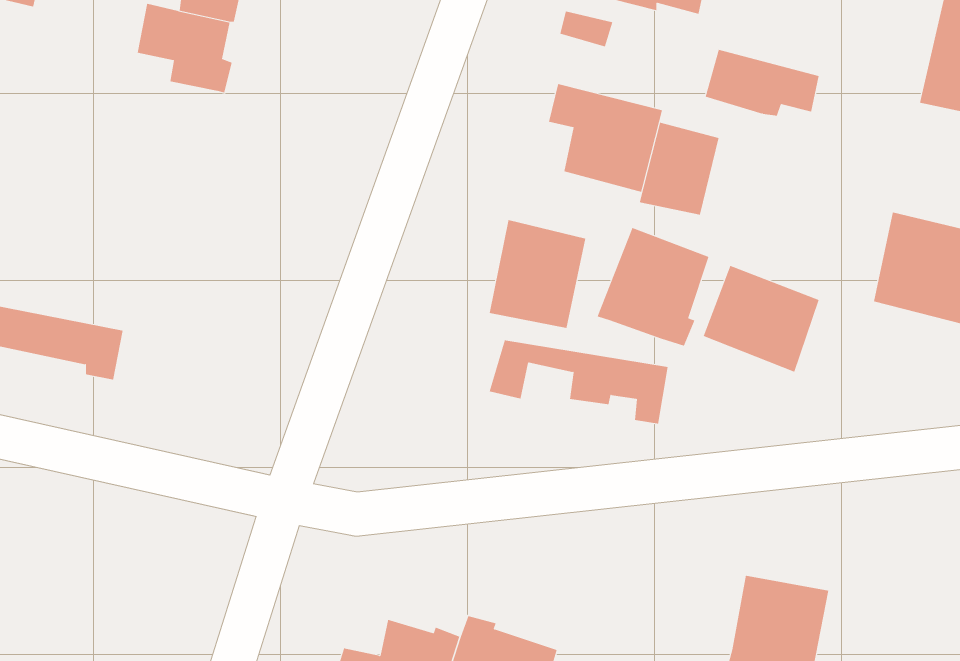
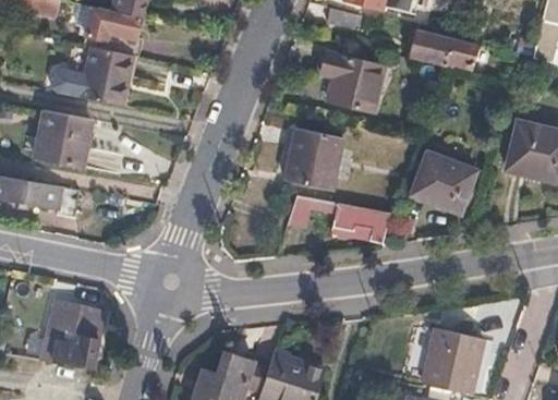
building: none -> [56,46,132,105]
building: [639,122,719,216] -> none
building: none -> [35,110,89,167]
building: [597,227,709,347] -> none
building: none -> [48,300,106,367]

